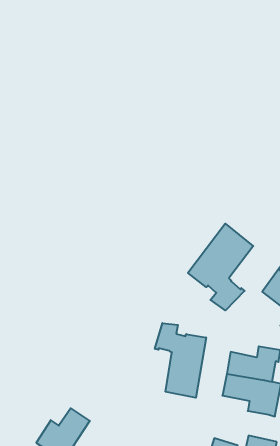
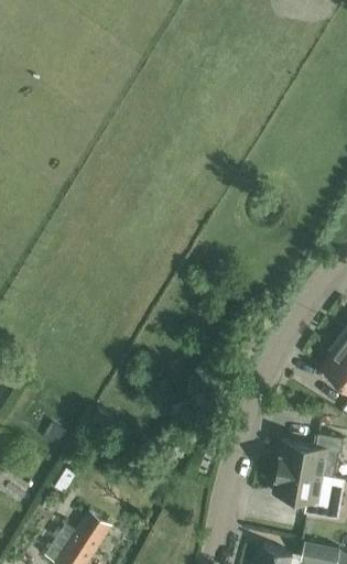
building: [188,224,253,310] -> none
building: [155,323,206,398] -> none

